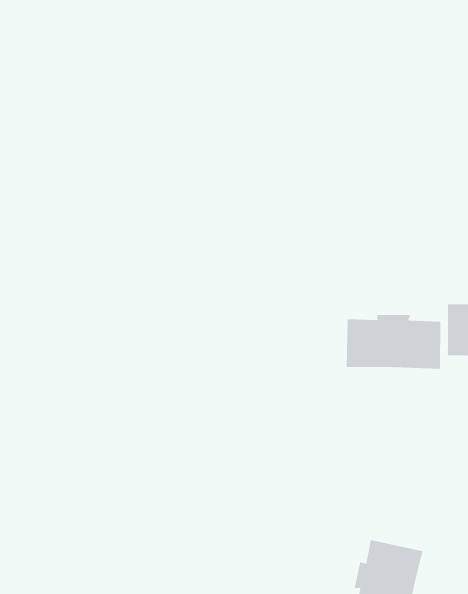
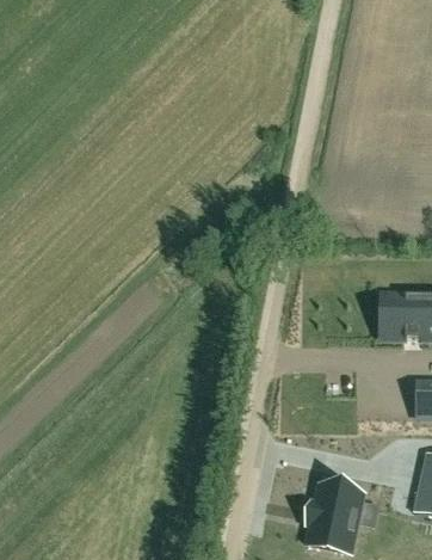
building: [346,314,441,370] -> none

